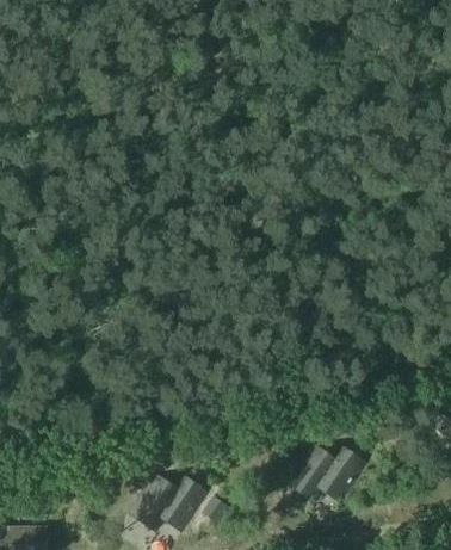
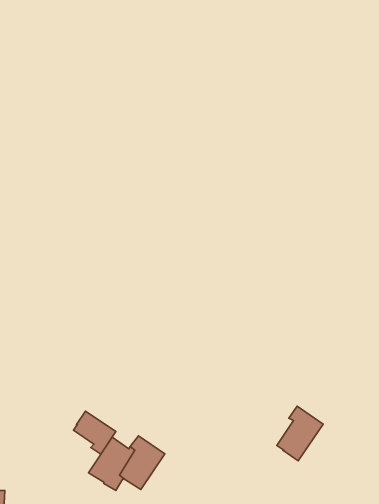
building: [291,449,338,501] -> none
building: none -> [73,411,116,454]

